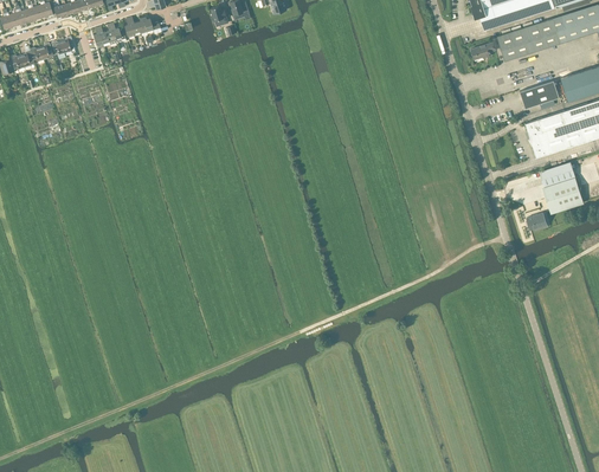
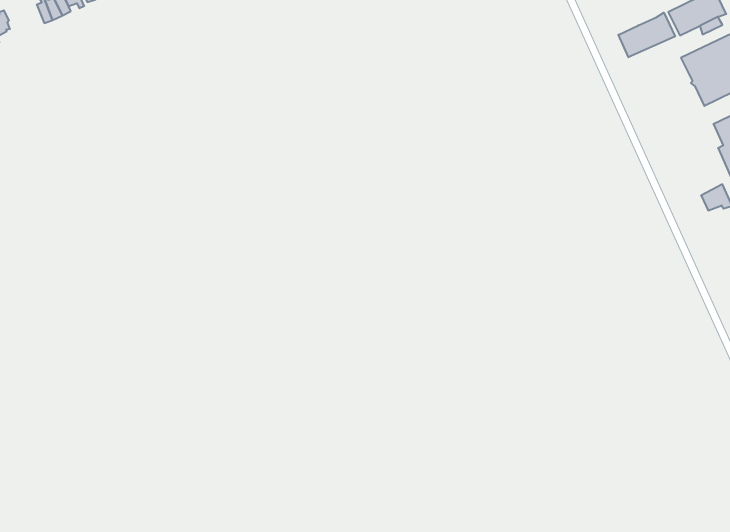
building: none -> [618,13,675,57]

